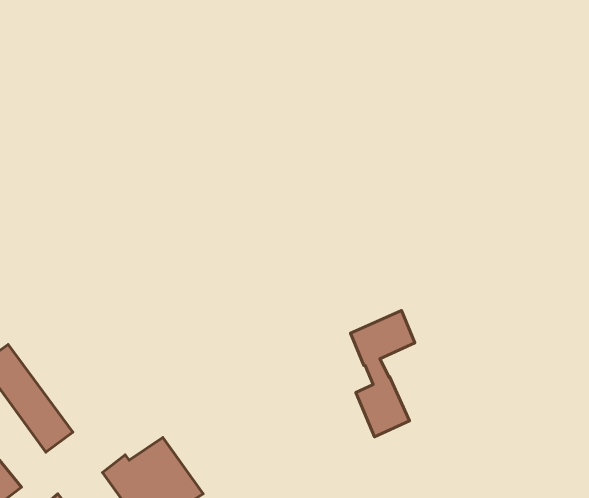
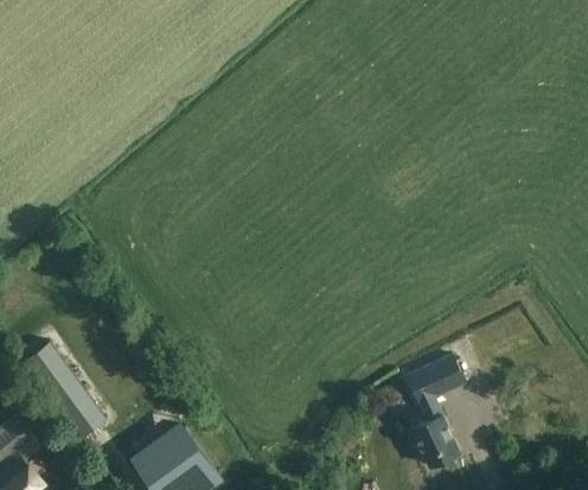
building: [350,310,415,437] -> [405,356,462,467]

